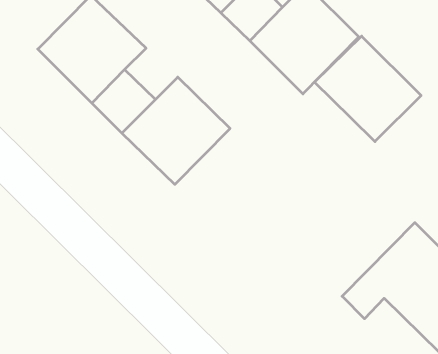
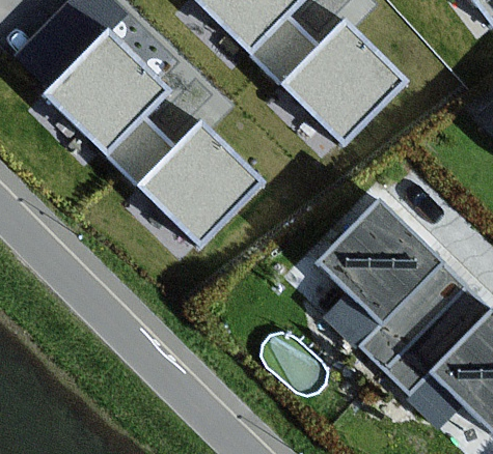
building: [315,36,421,142] -> none
building: none -> [320,201,465,367]

